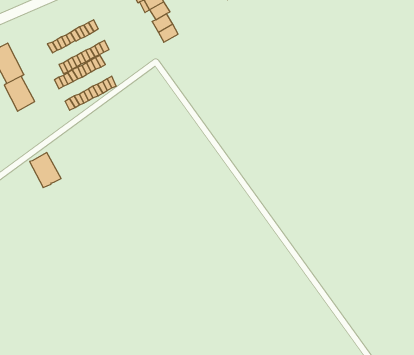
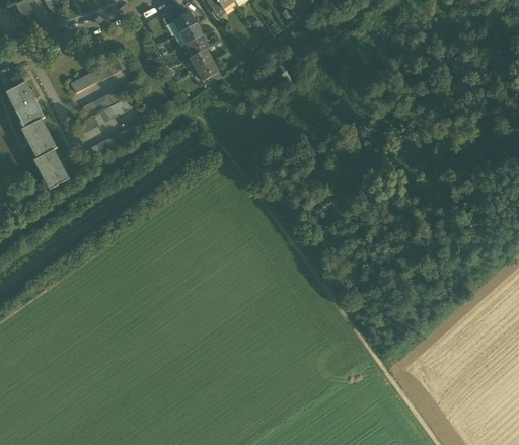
building: [30,153,61,188] -> [33,149,69,189]

